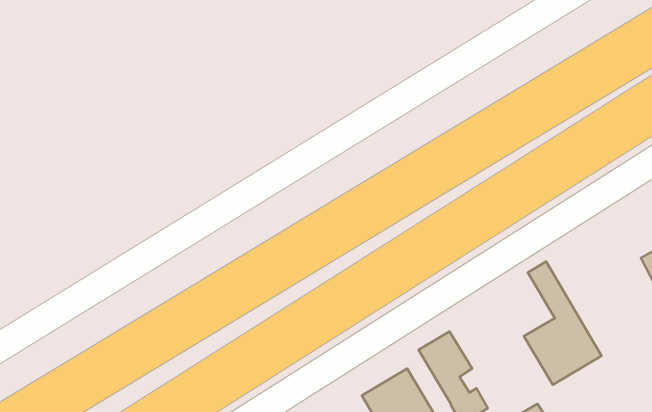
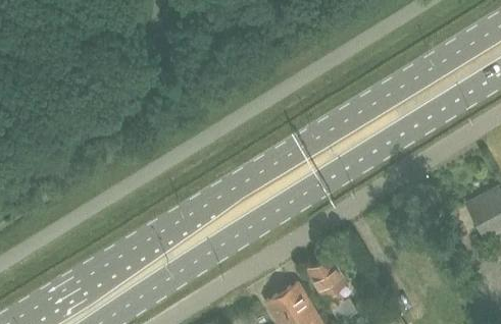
building: [524,261,602,385] -> none

